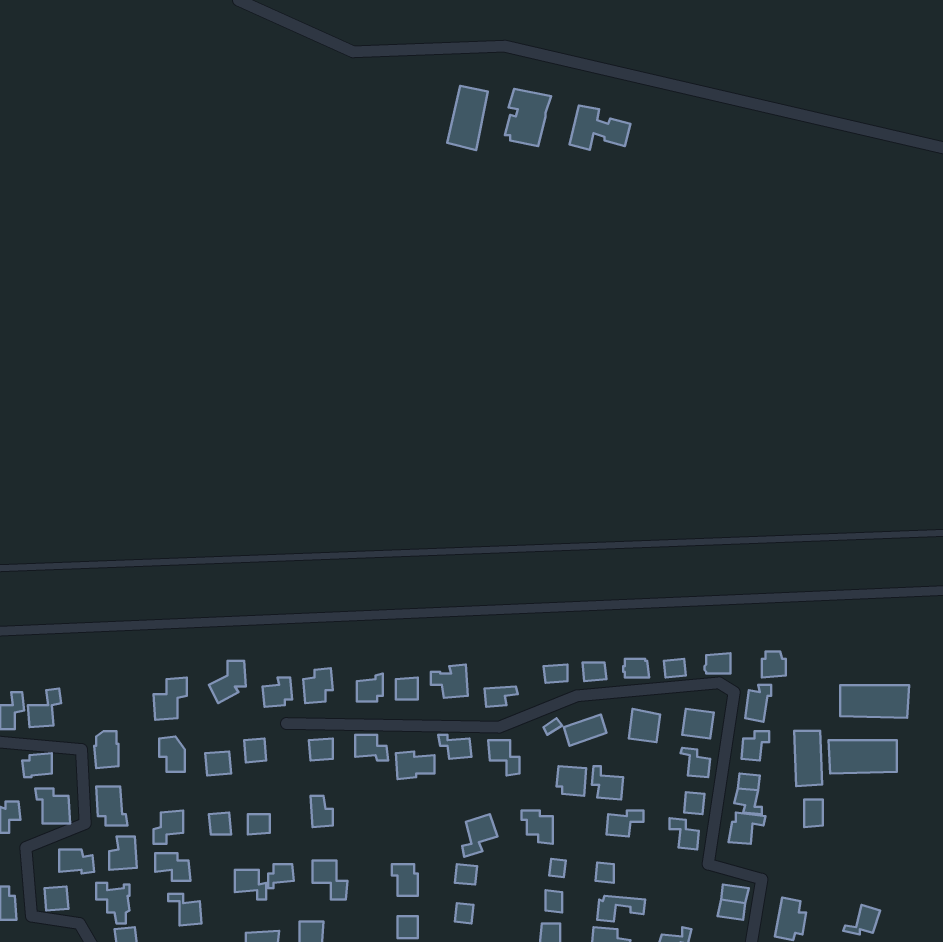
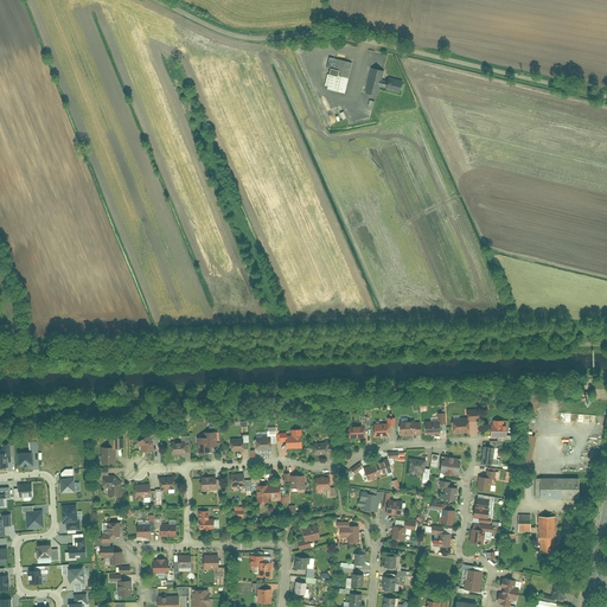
building: [447,86,488,150] -> none
building: [840,685,909,718] -> none
building: [794,731,822,786] -> [537,516,555,551]

